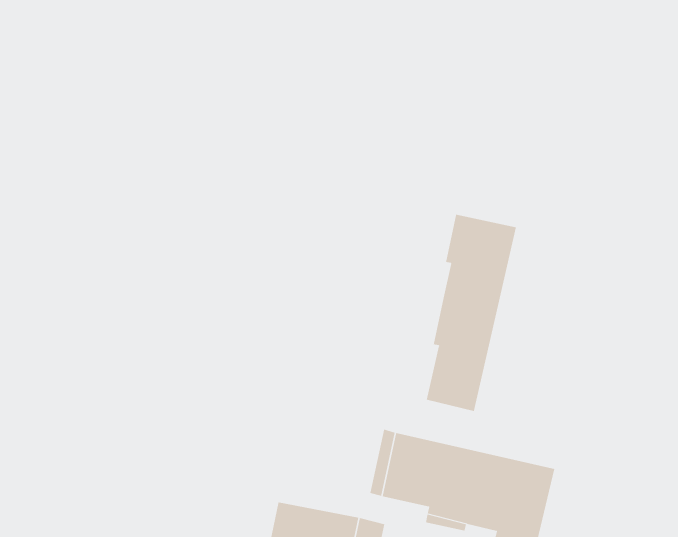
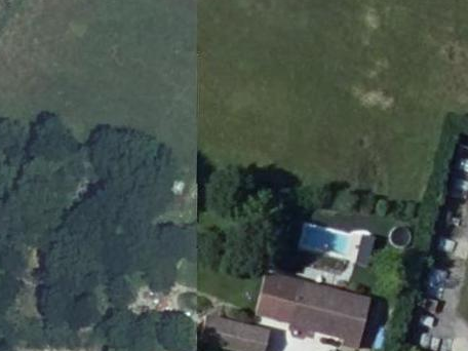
building: [426,214,516,412] -> none

